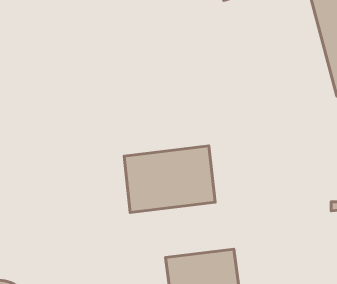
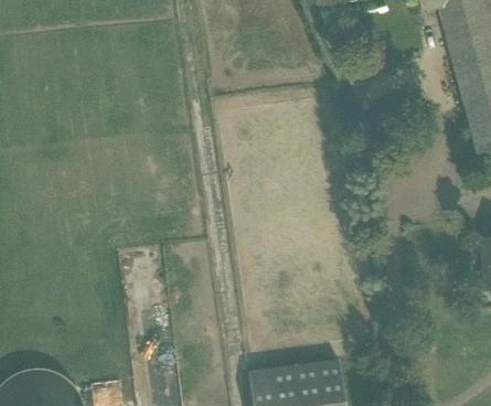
building: [124,146,215,213] -> none

